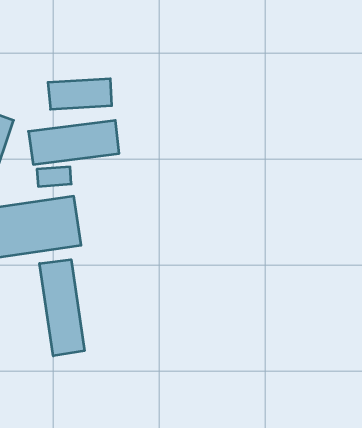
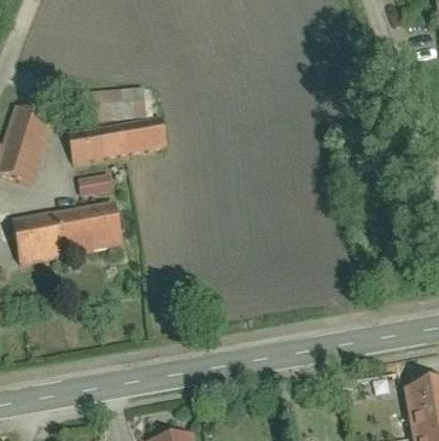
building: [40,260,84,356] -> none

